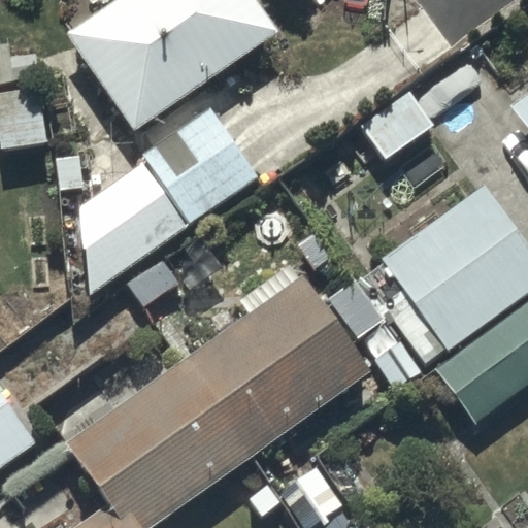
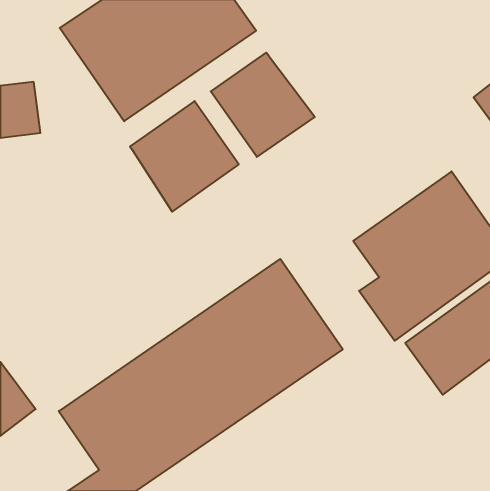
building: none -> [211,53,315,157]
building: [80,160,187,294] -> none

